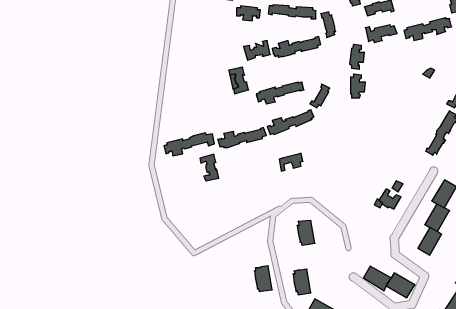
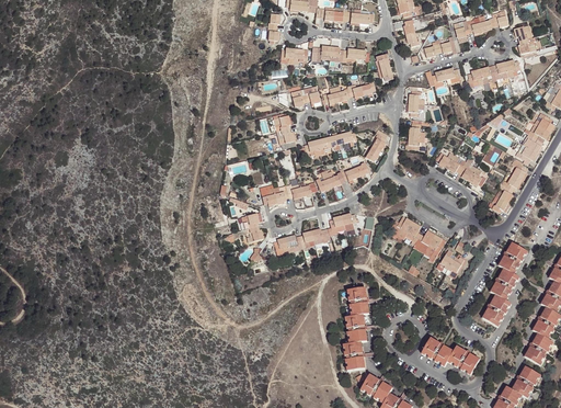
building: none -> [436,154,485,188]
building: [164,133,214,156] -> [274,228,330,253]
building: none -> [394,218,442,257]
building: [254,266,272,292] -> [347,313,367,341]

